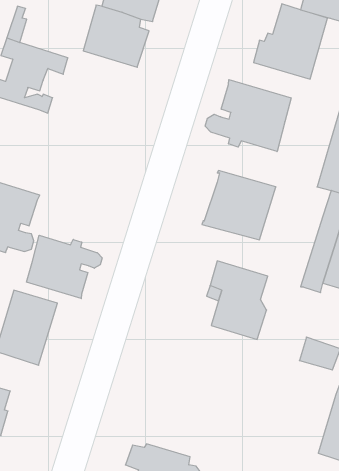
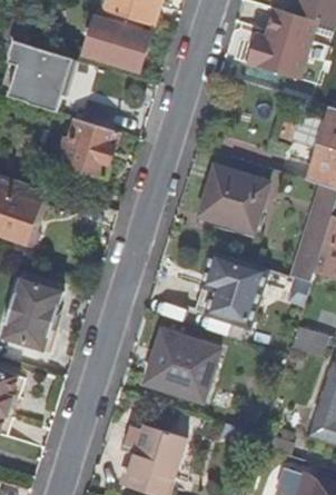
building: [205,80,291,152] -> none
building: none -> [60,118,118,178]
building: [27,235,102,299] -> none
building: none -> [150,331,220,402]

